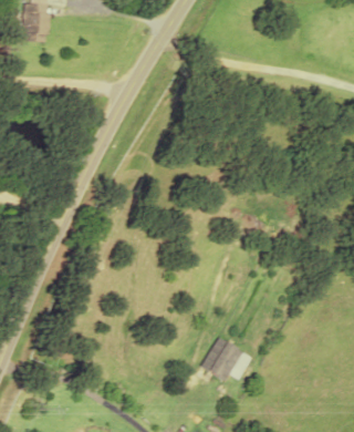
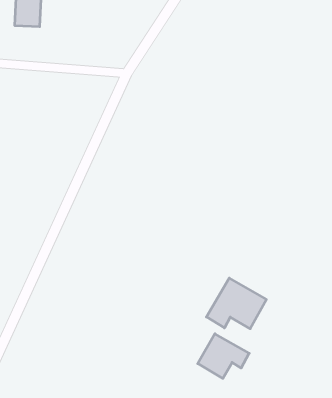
building: none -> [206,278,266,329]

